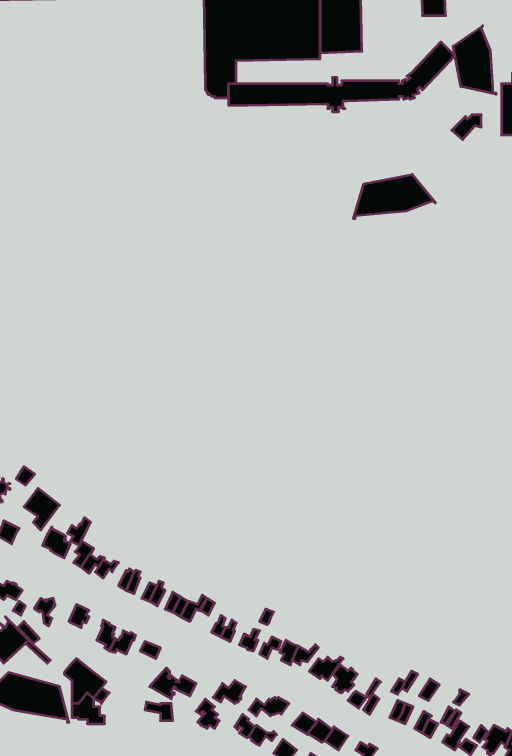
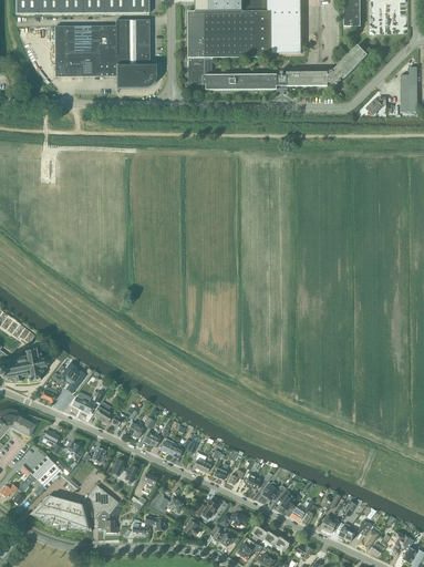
building: none -> [55,20,149,87]
building: [453,26,496,94] -> none
building: [353,174,435,219] -> none

